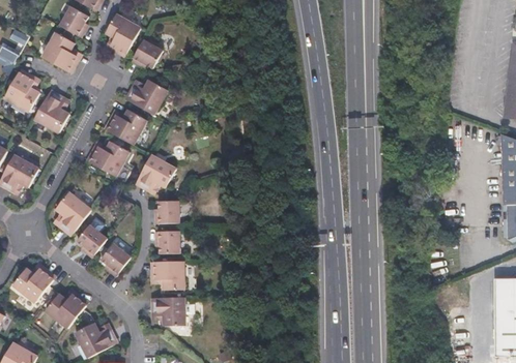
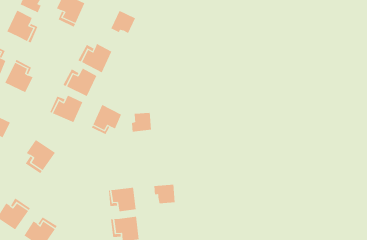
building: [134,39,166,69] -> [110,10,136,34]
building: [156,200,181,222] -> [131,112,152,132]
building: [78,223,109,256] -> none
building: [156,230,182,252] -> [153,184,176,204]
building: [103,242,133,275] -> none

